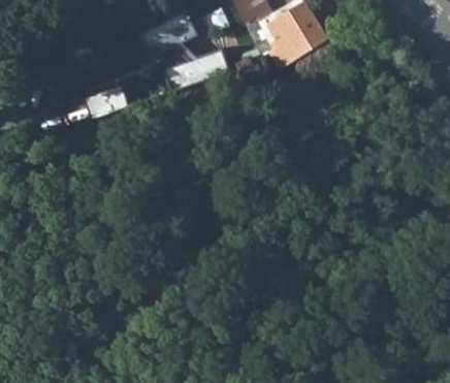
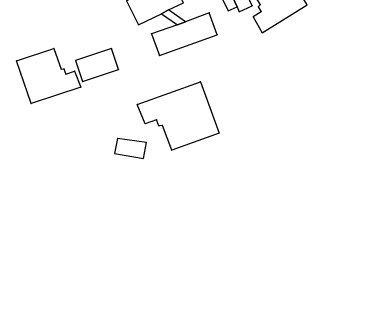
building: none -> [17,48,81,104]
building: none -> [137,82,219,150]

